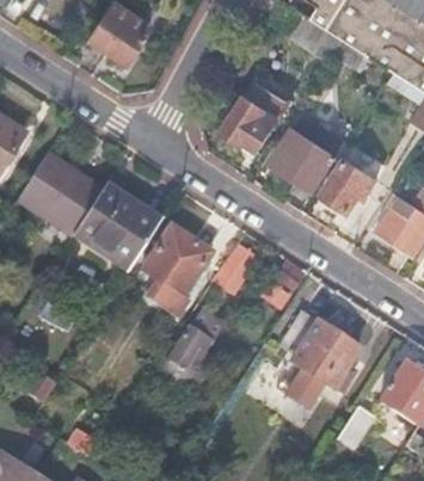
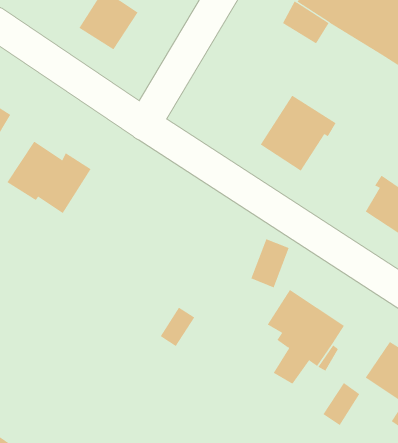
building: [226,78,291,150] -> none
building: [324,159,379,211] -> none
building: [74,183,160,266] -> none
building: [141,223,211,316] -> none
building: [214,239,259,292] -> none

